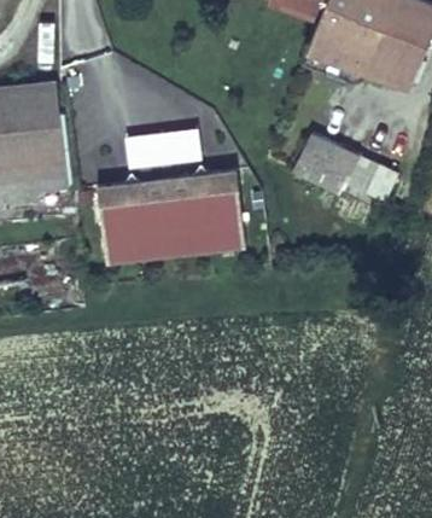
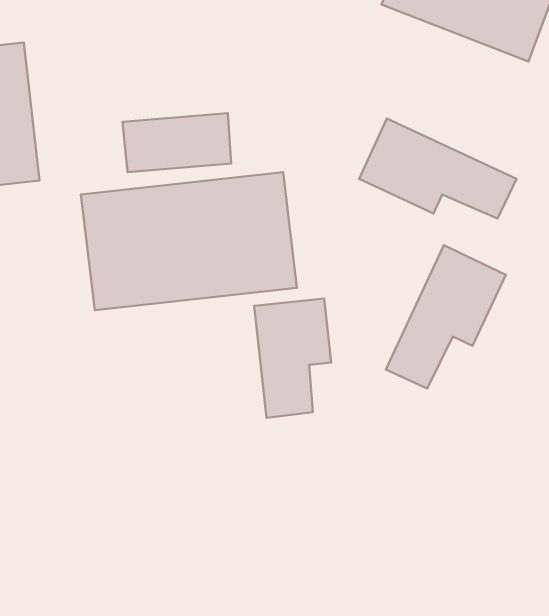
building: none -> [386,245,506,388]
building: none -> [254,299,331,418]

